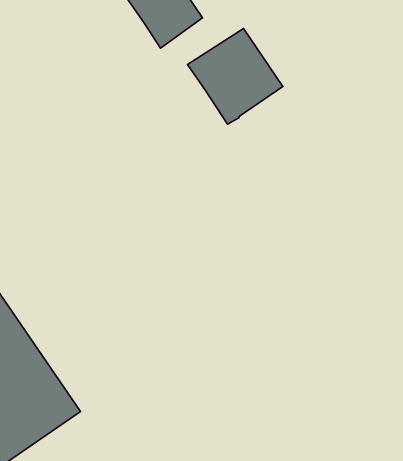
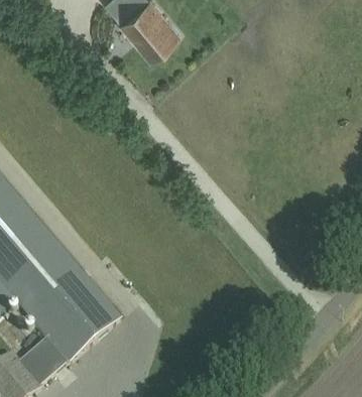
building: [187,28,283,124] -> none

